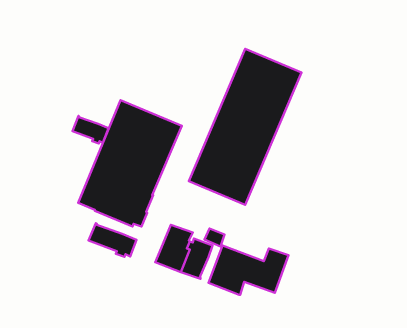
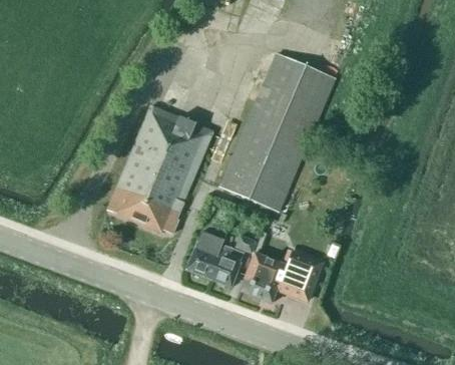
building: [72,116,109,143] -> none
building: [89,223,137,257] -> none

